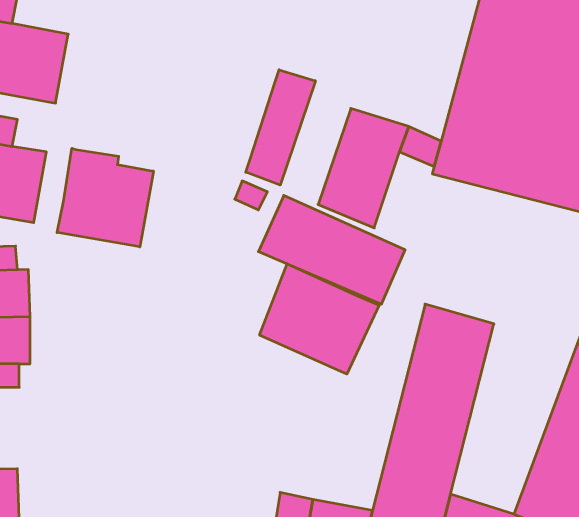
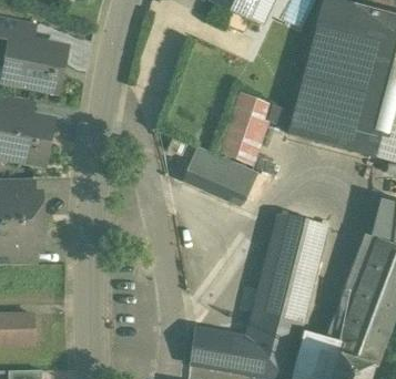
building: [246,70,315,185] -> none
building: [57,148,153,247] -> none
building: [260,264,379,374] -> none

